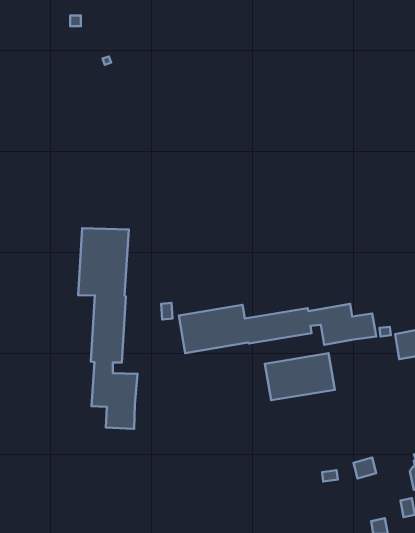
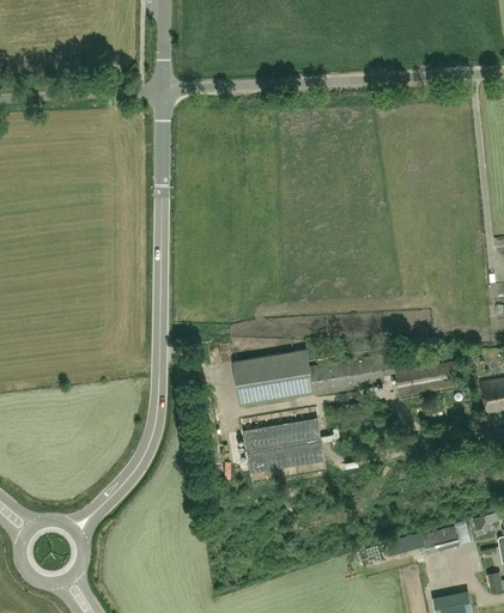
building: [78,228,137,429] -> none
building: [265,353,335,400] -> [244,418,324,472]

